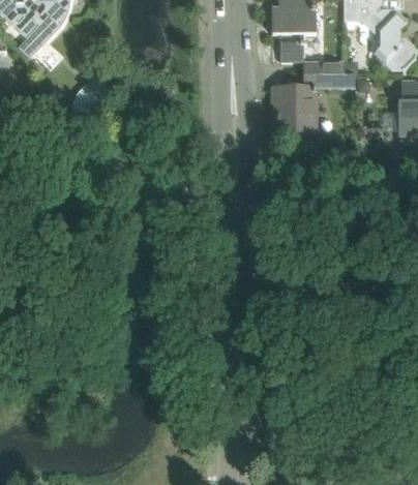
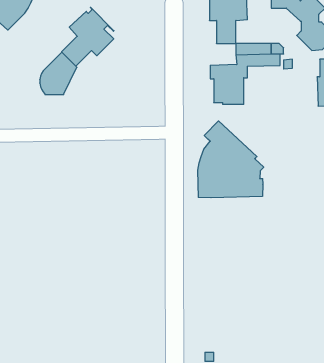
building: none -> [62,7,114,66]
building: none -> [198,121,264,198]

